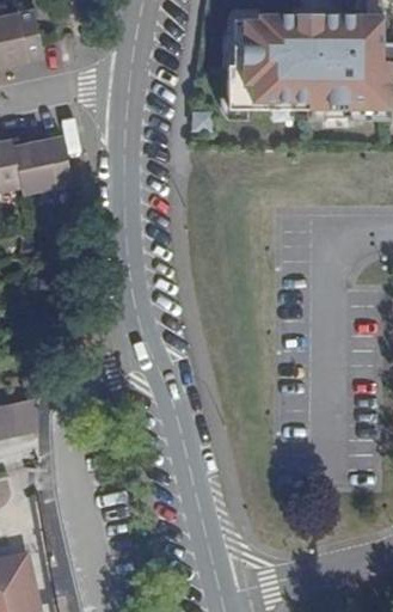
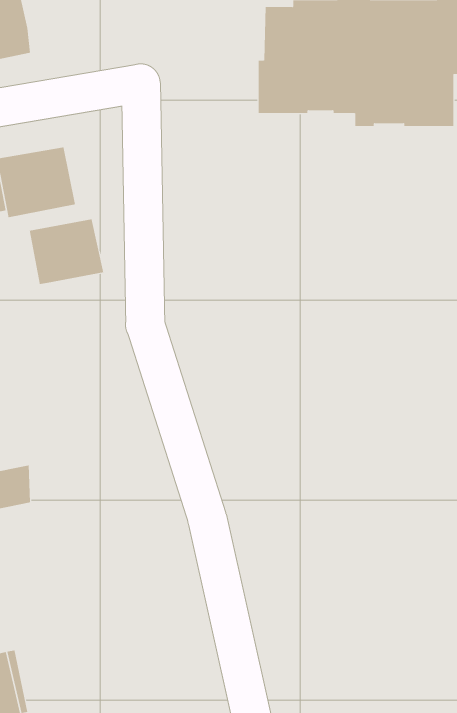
building: none -> [29,218,104,285]

